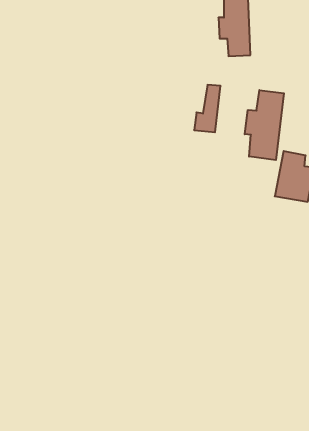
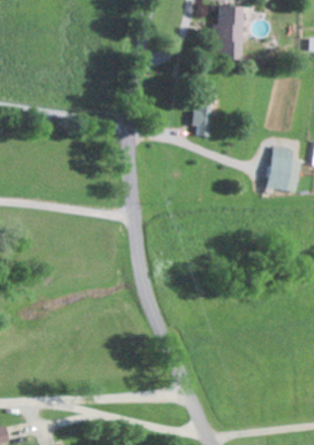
building: [245,90,284,160] -> none

